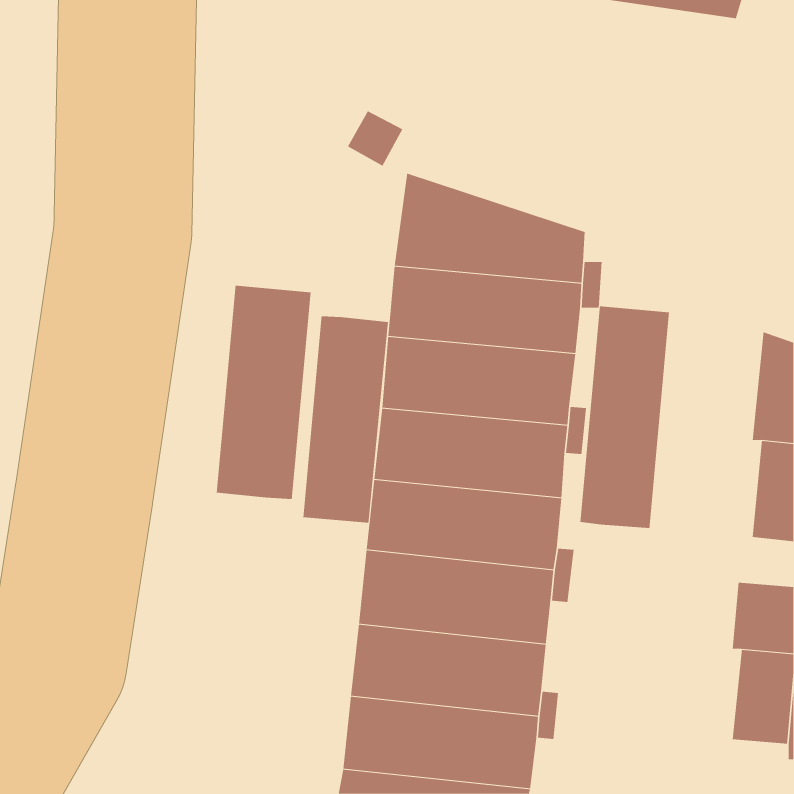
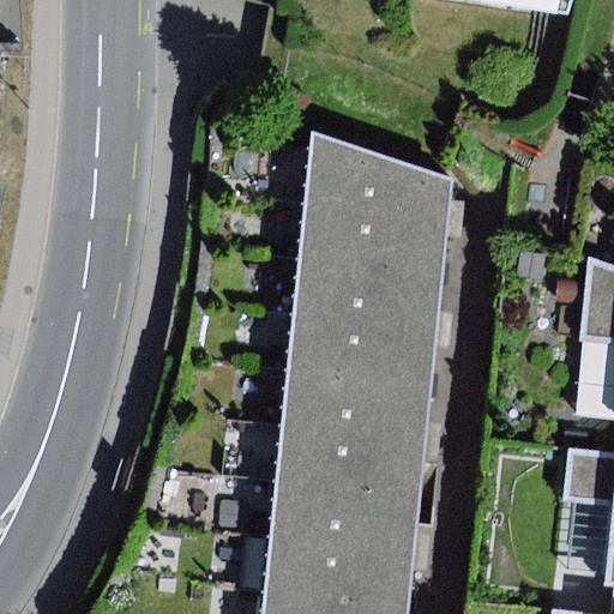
building: [216,285,311,500] -> none
building: [580,305,669,529] -> none
building: [303,315,389,524] -> none

